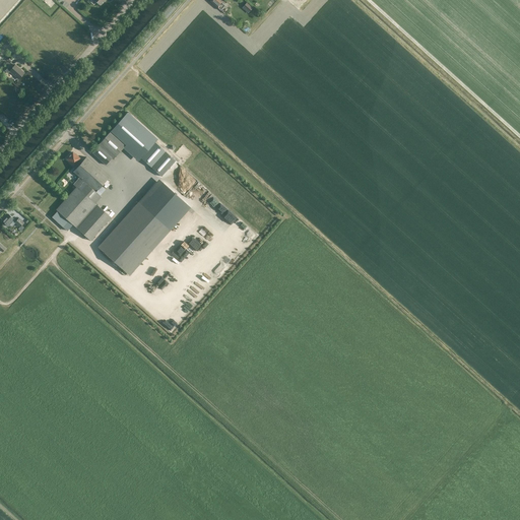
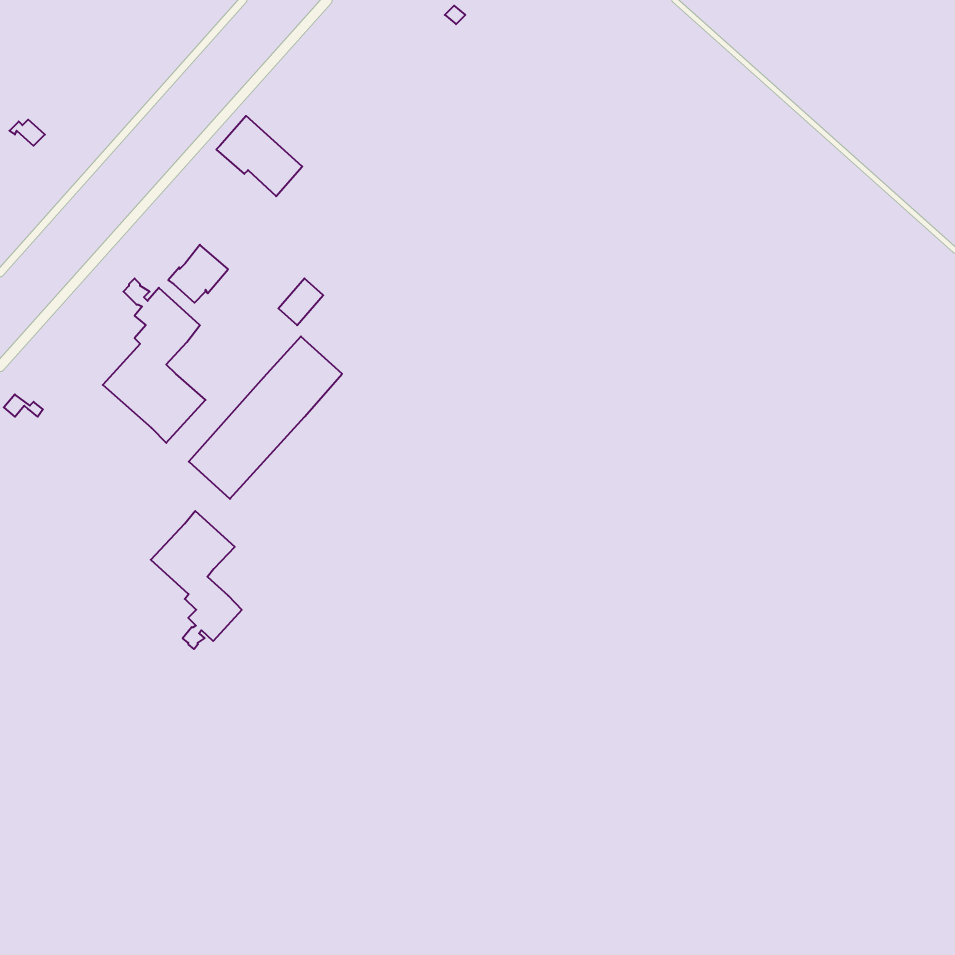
building: [109,115,155,158] -> [216,116,302,196]
building: none -> [151,511,242,649]

